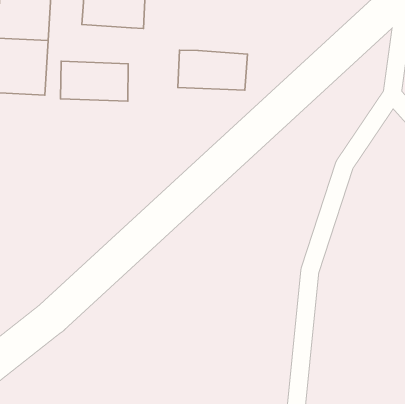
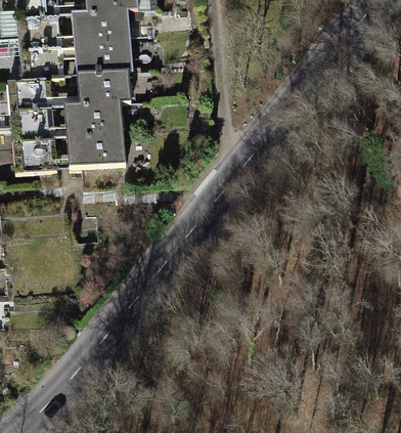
building: [178,50,248,90] -> [62,99,121,135]

